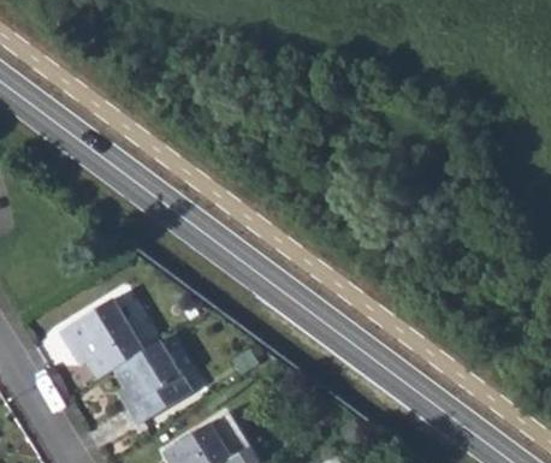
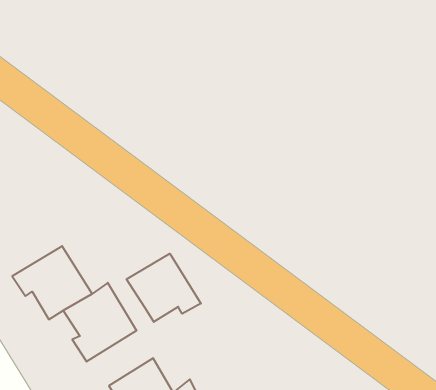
building: none -> [127,254,201,322]

